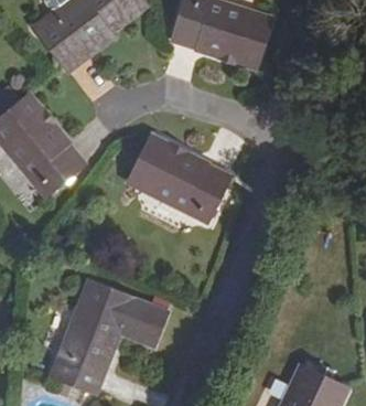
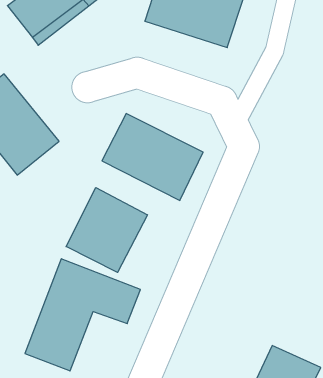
building: none -> [66,188,147,272]

